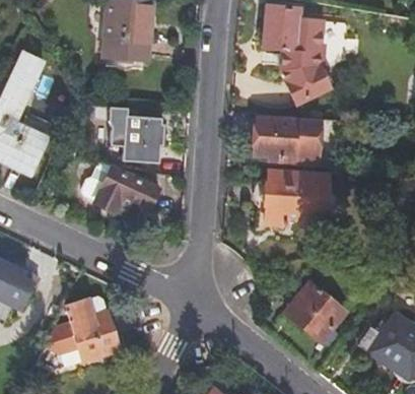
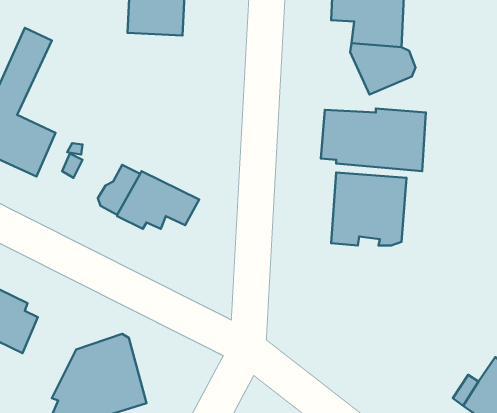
building: [107,106,164,162] -> none
building: [286,283,344,342] -> none

